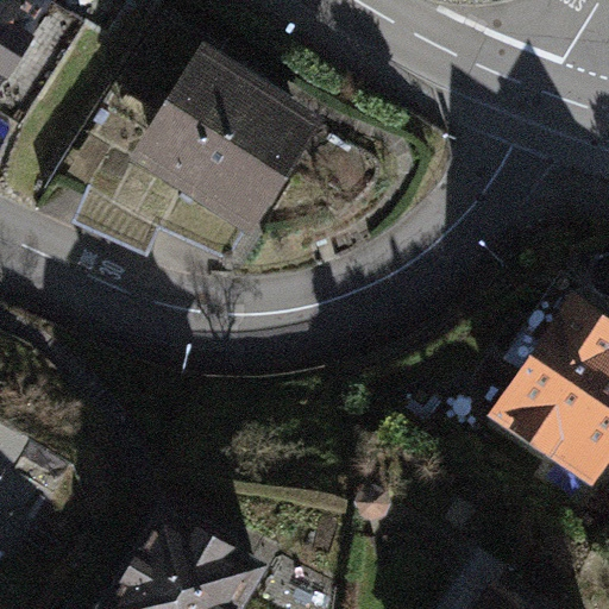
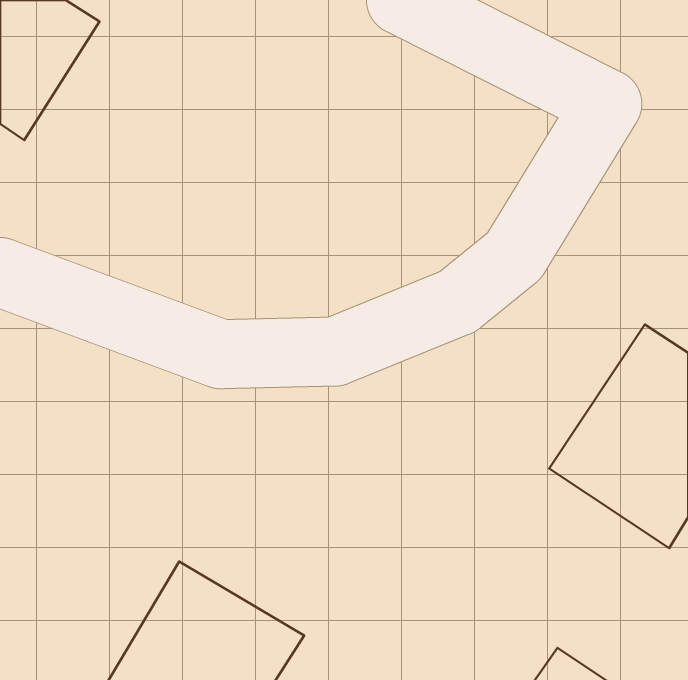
building: [126,44,324,238] -> none

